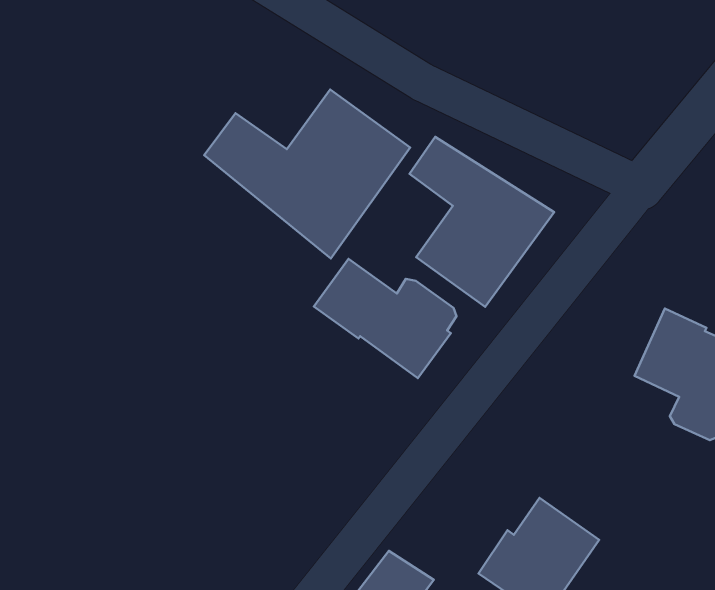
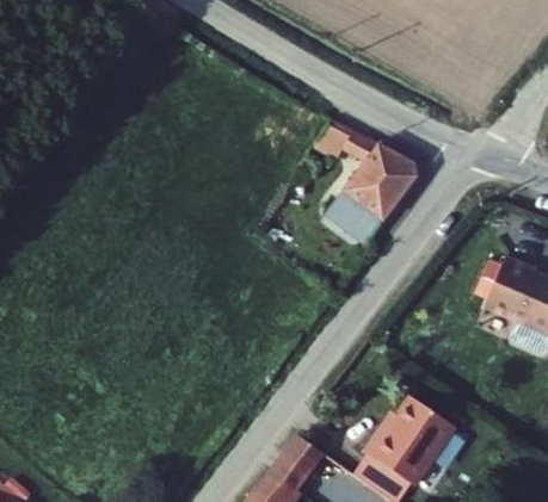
building: [204,90,410,258] -> none
building: [314,259,456,378] -> none

